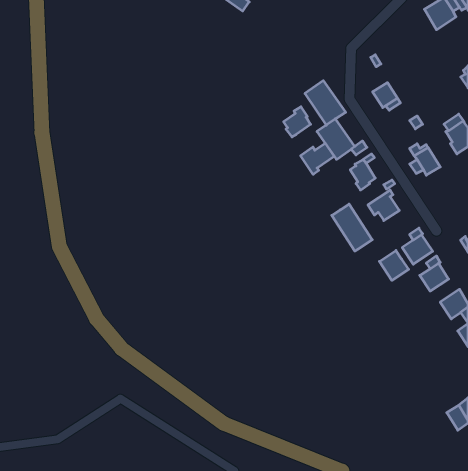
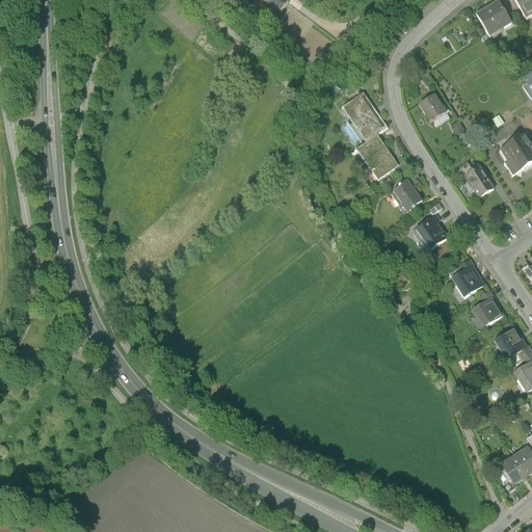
building: [284,107,311,137] -> none
building: [301,143,334,174] -> none
building: [332,204,372,251] -> none
building: [379,250,409,280] -> none

